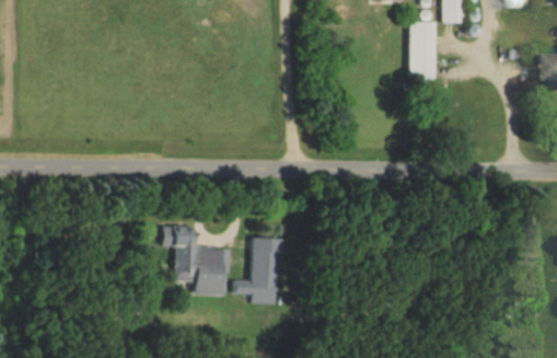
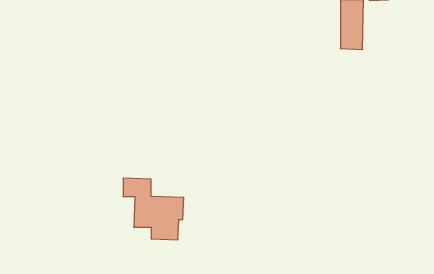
building: [235,238,279,303] -> none

